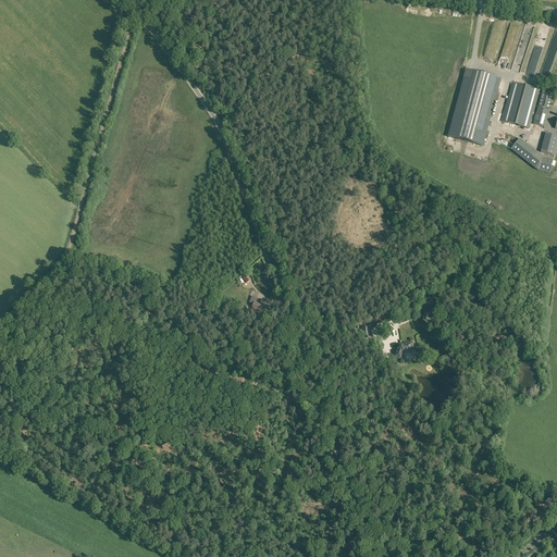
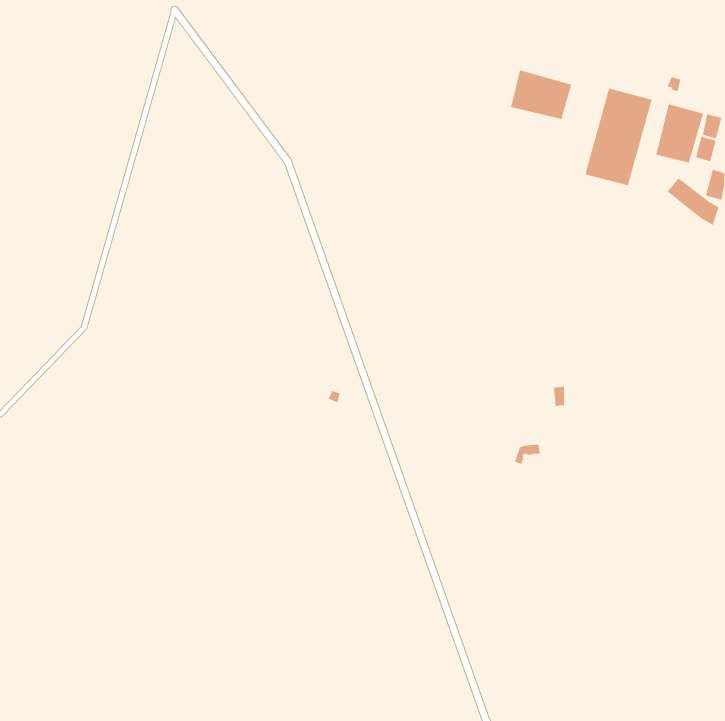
building: none -> [510,70,572,120]

